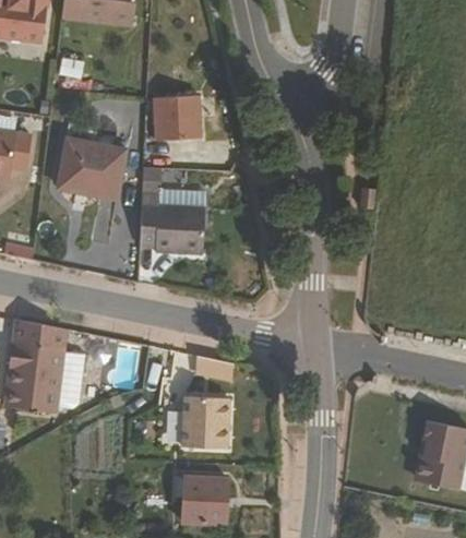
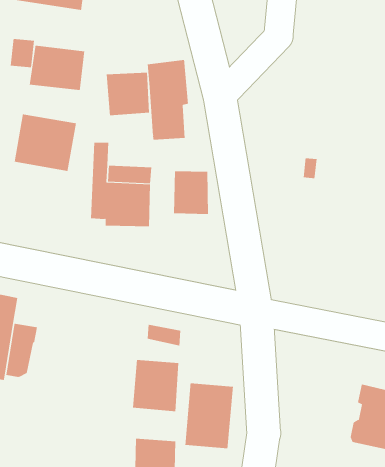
building: none -> [29,45,85,91]
building: none -> [147,59,188,141]
building: none -> [174,170,209,215]
building: none -> [185,382,233,449]

